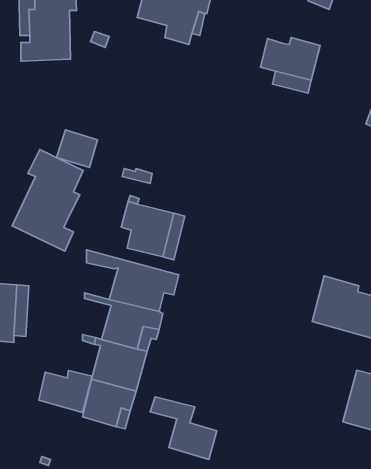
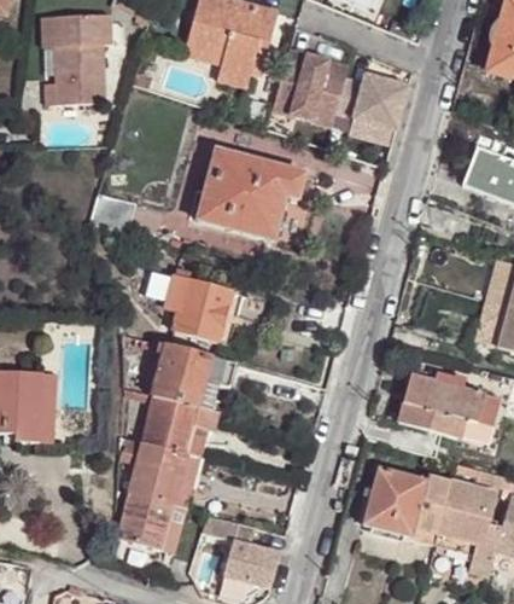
building: none -> [269,50,346,126]
building: none -> [200,147,304,234]
building: [12,149,83,251] -> none
building: none -> [363,466,451,542]
building: [39,370,92,413] -> none

